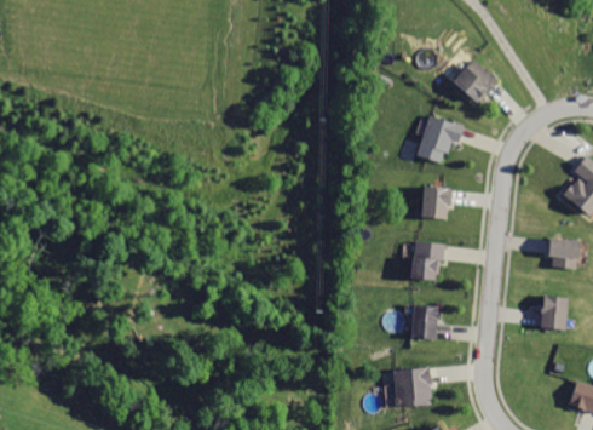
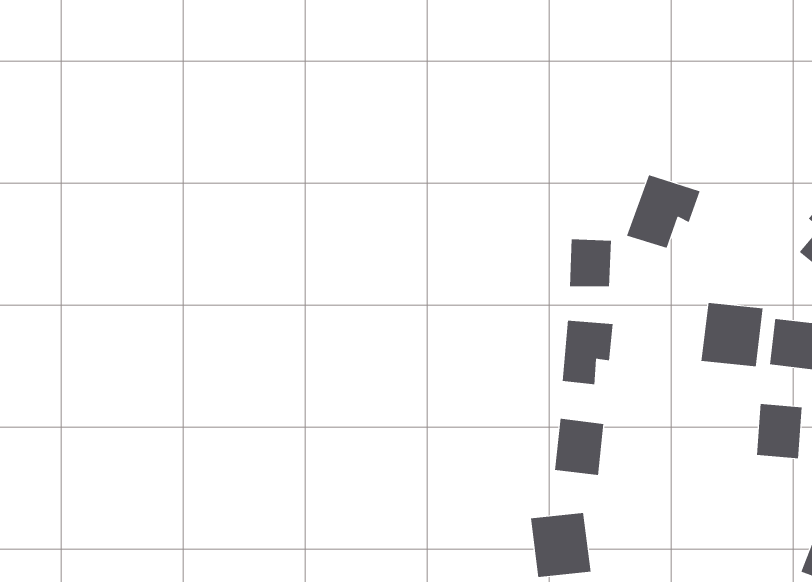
building: [453,58,499,105] -> none
building: [416,115,465,164] -> [626,175,700,249]
building: none -> [701,302,763,367]

